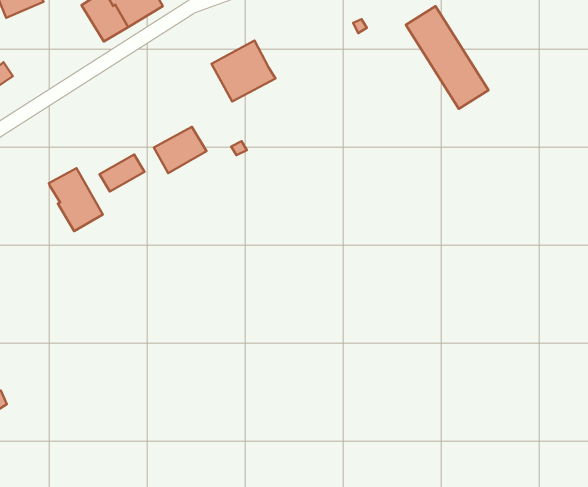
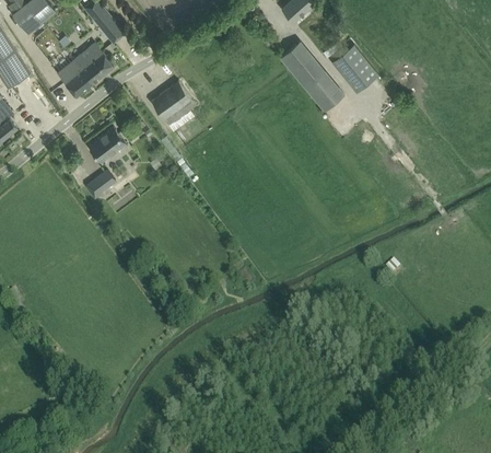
building: none -> [330,44,377,92]
building: [154,127,206,173] -> [89,128,125,162]
building: [49,168,103,231] -> none

